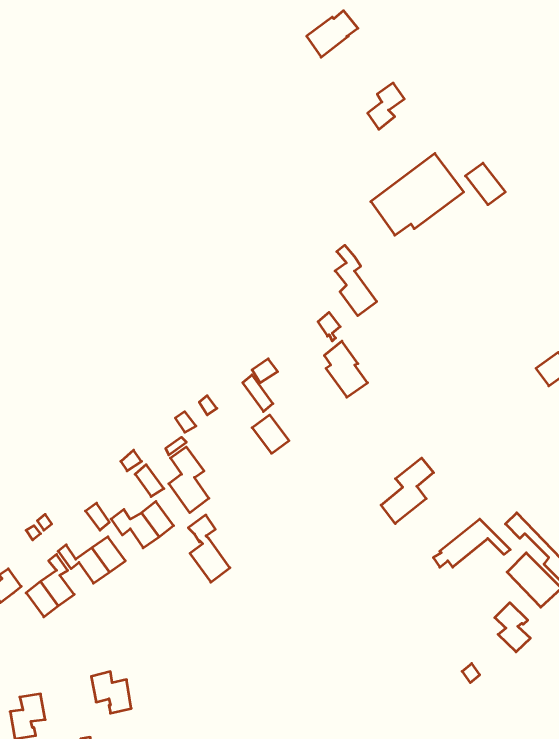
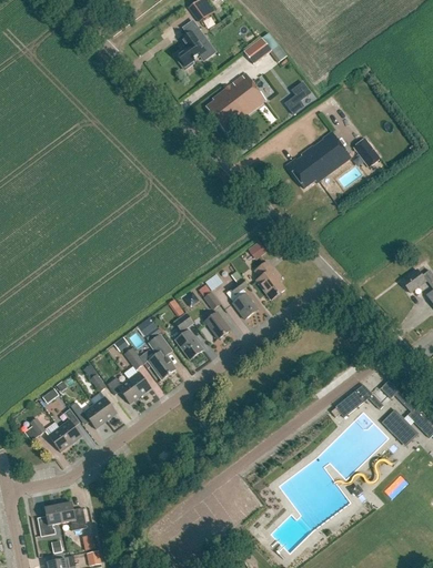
building: none -> [175,31,207,69]
building: none -> [205,72,265,131]
building: [335,245,377,316] -> [230,271,259,320]
building: [381,458,434,524] -> none
building: [188,515,230,582] -> [174,313,203,359]
building: [495,603,530,652] -> none
building: [91,672,131,713] -> [59,501,87,530]

